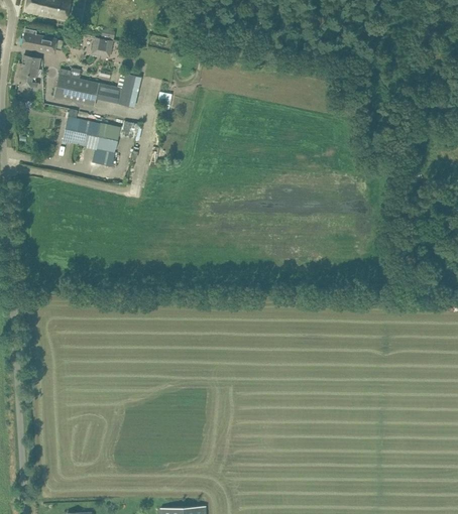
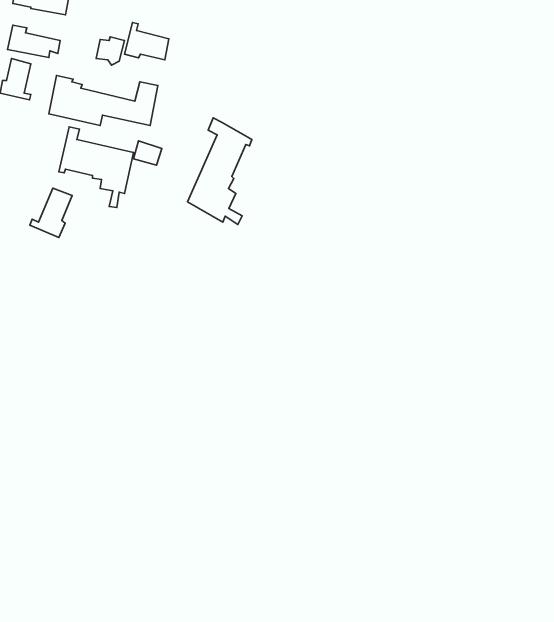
building: none -> [125,23,169,60]
building: none -> [188,118,252,225]
building: none -> [30,188,72,238]

